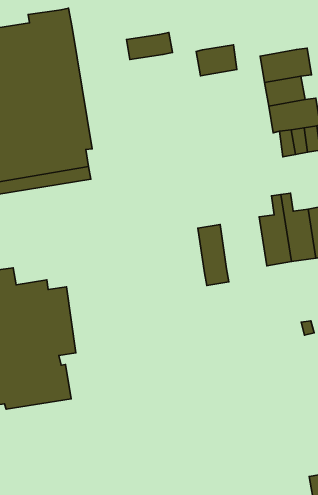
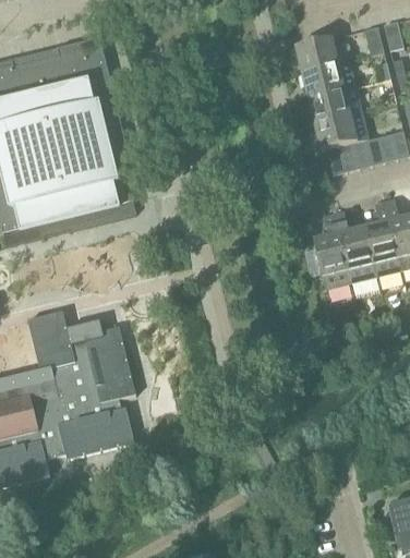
building: [126,33,172,59] -> none
building: [196,45,237,76] -> [294,35,338,70]
building: [198,224,229,286] -> none

